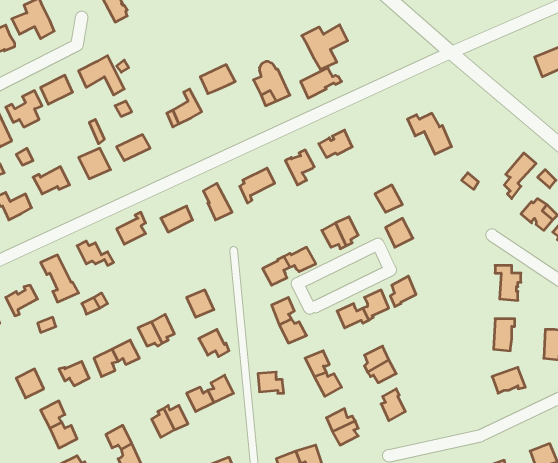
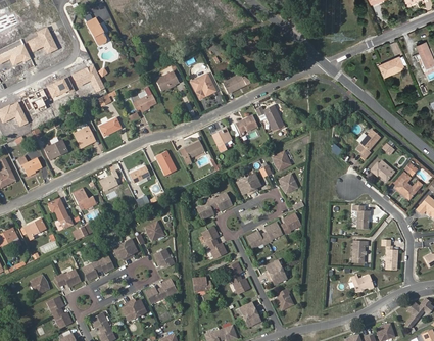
building: [302,25,348,70] -> none
building: [407,113,452,154] -> [254,105,284,133]

